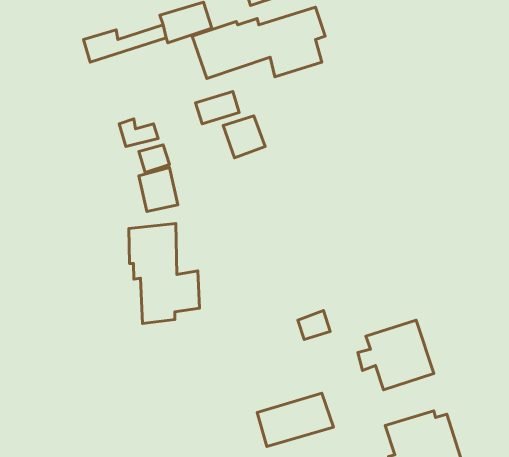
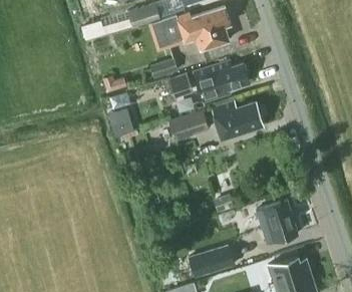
building: none -> [193,61,248,101]
building: none -> [210,101,262,139]
building: none -> [167,109,210,142]
building: [129,223,199,323] -> none

